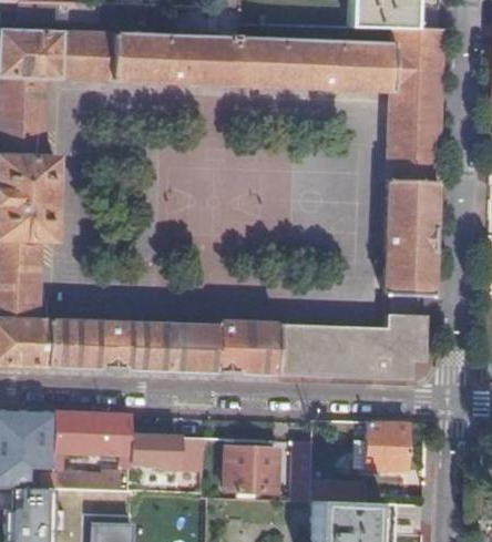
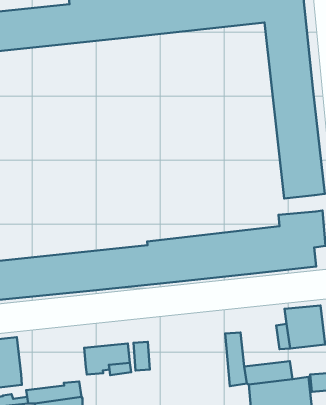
building: [54,411,132,457] -> none
building: [226,447,277,491] -> none

